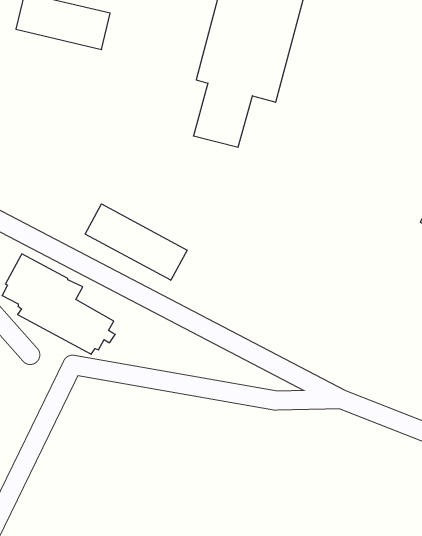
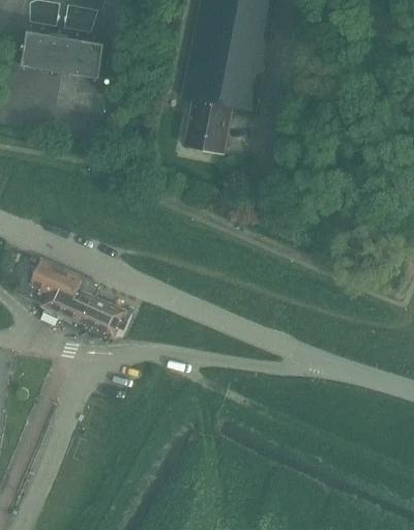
building: [85,204,187,280] -> none

